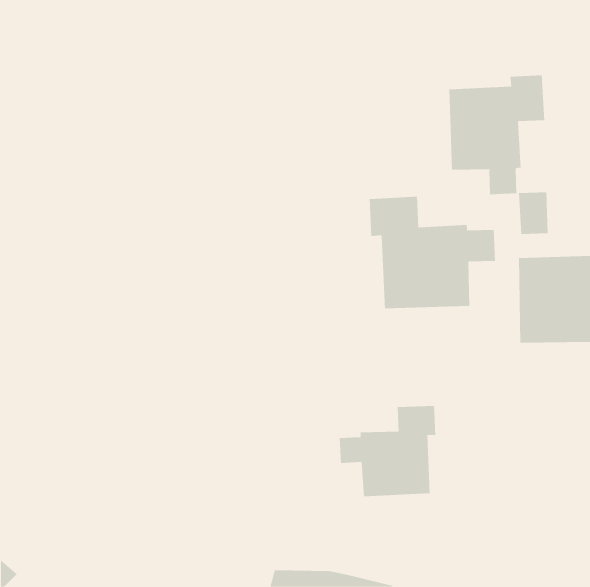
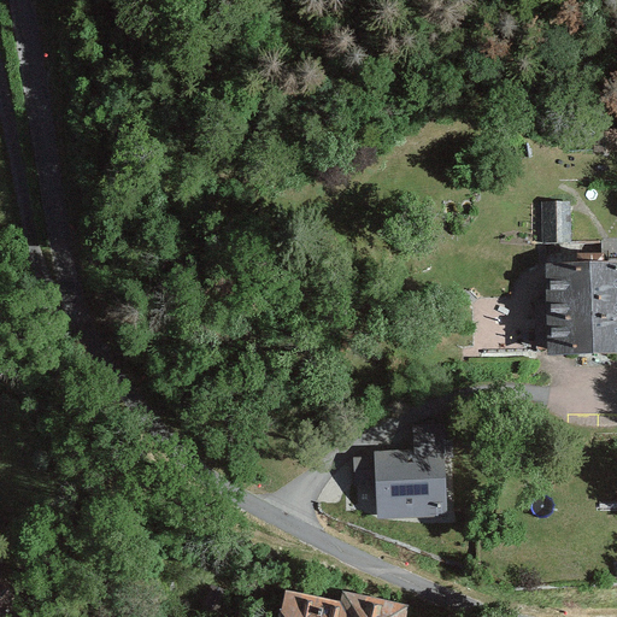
building: [449,75,545,195] -> none
building: [369,196,495,309] -> none

